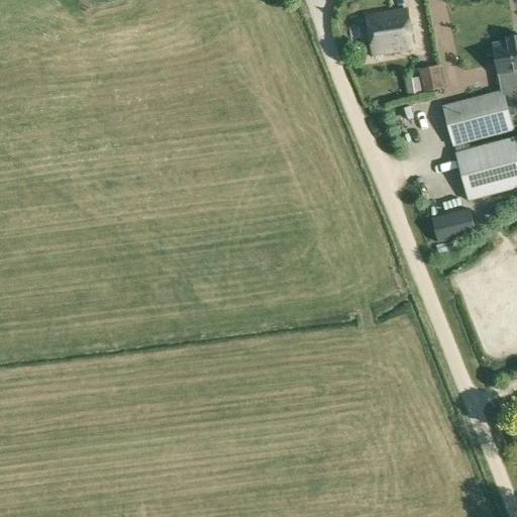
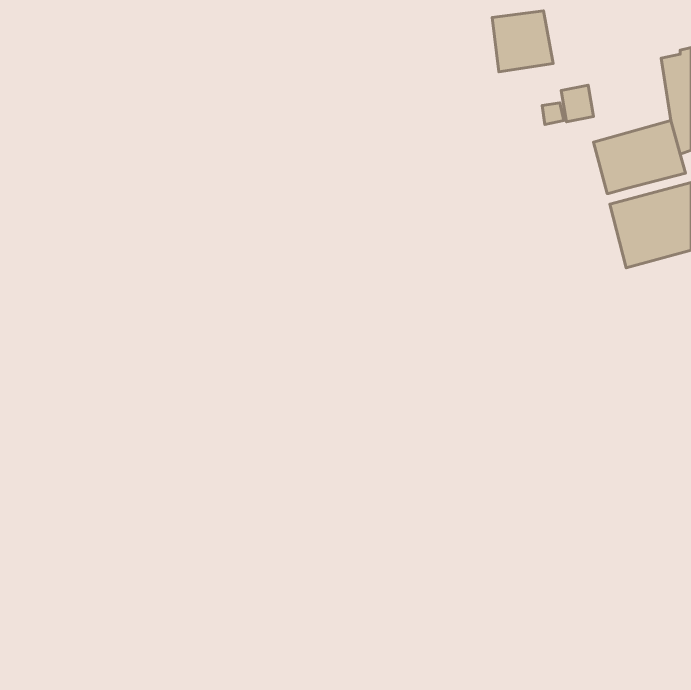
building: [432,207,477,243] -> none

